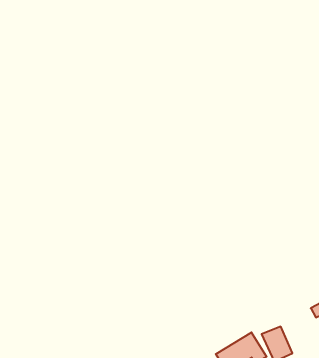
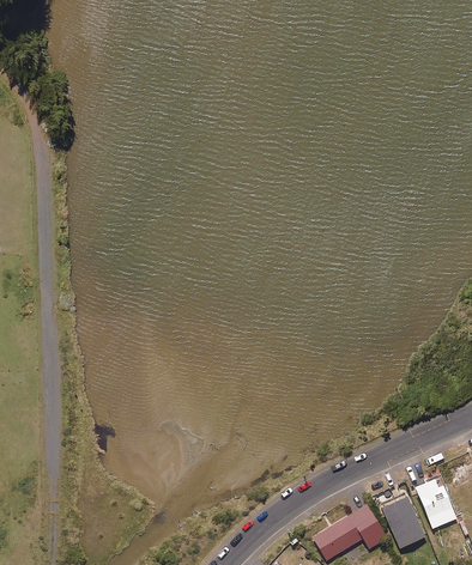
building: none -> [417,485,456,528]

